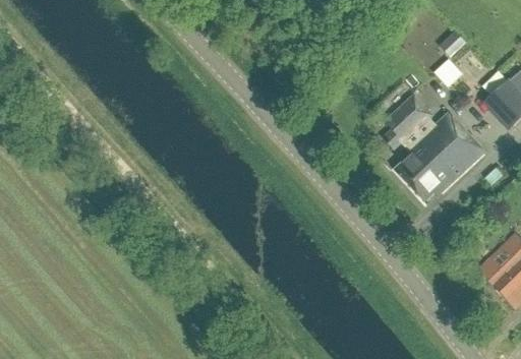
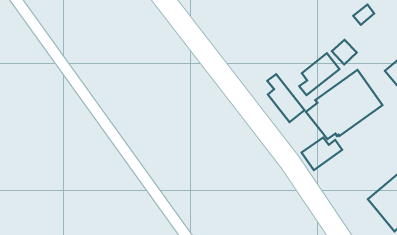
building: none -> [267,74,304,122]
building: none -> [301,137,342,170]

